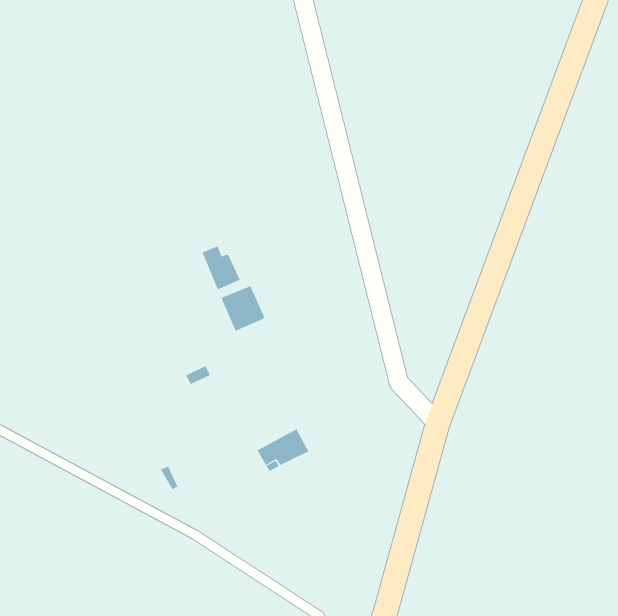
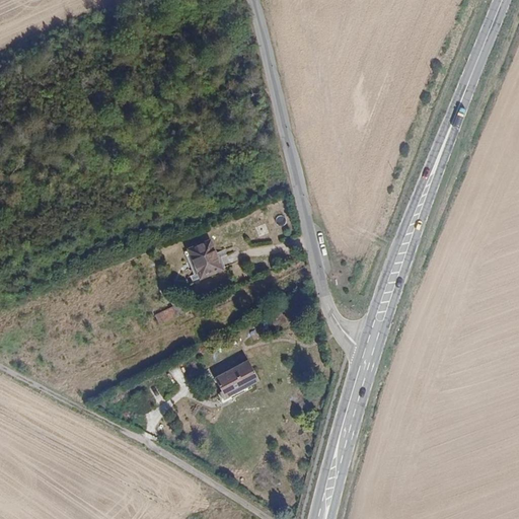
building: [202,245,240,290] -> none

